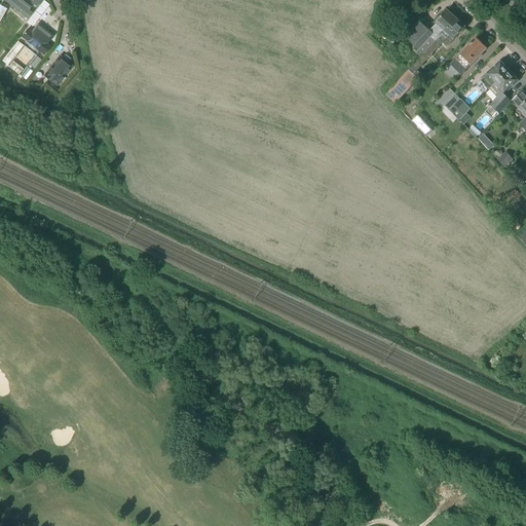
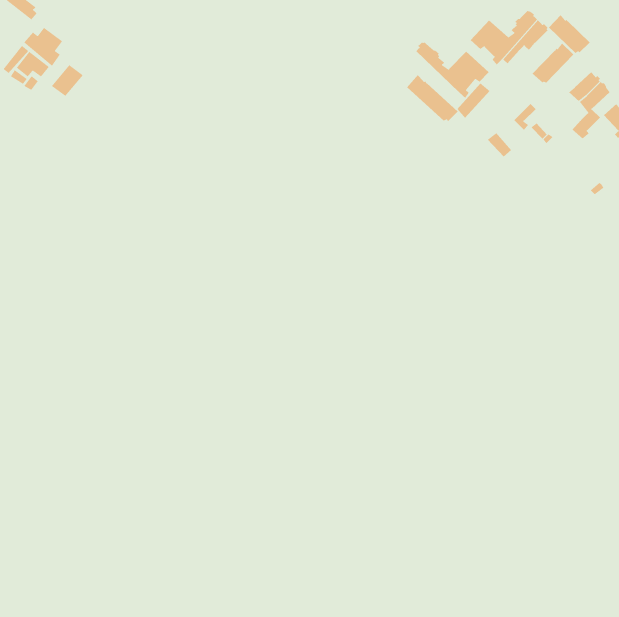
building: none -> [548,14,590,54]
building: none -> [416,41,490,99]
building: none -> [406,74,458,122]

